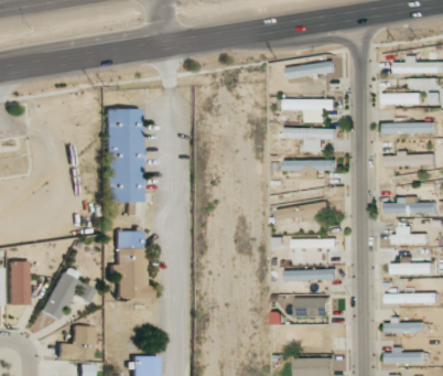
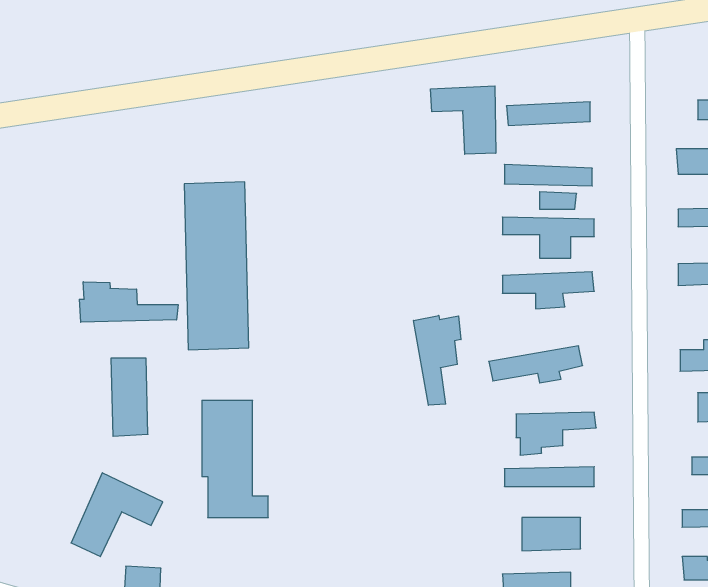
building: none -> [431,86,496,154]
building: none -> [79,282,178,322]
building: none -> [414,315,461,405]
building: [10,261,31,305] -> [111,358,148,436]

